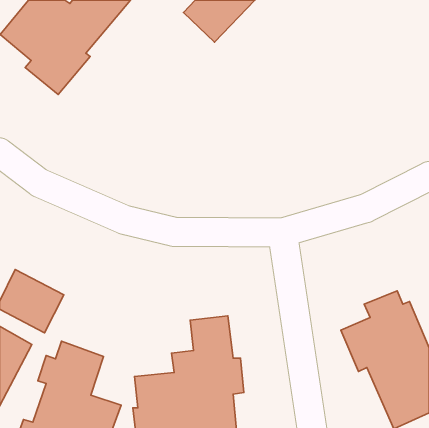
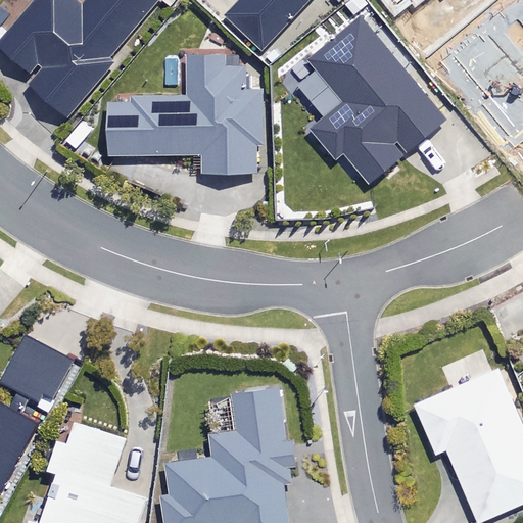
building: none -> [306,17,444,183]
building: none -> [108,55,259,172]

